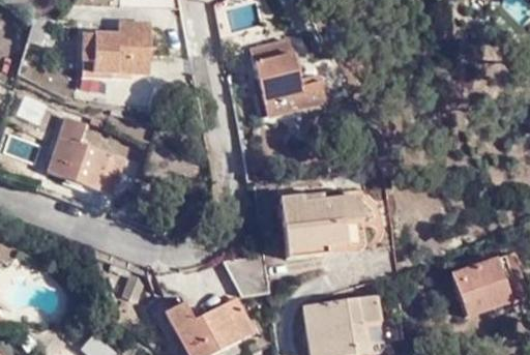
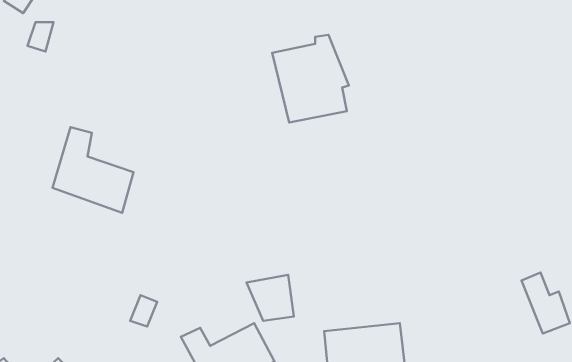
building: [78,22,147,73] -> none
building: [285,197,360,256] -> none
building: [437,259,496,316] -> none

